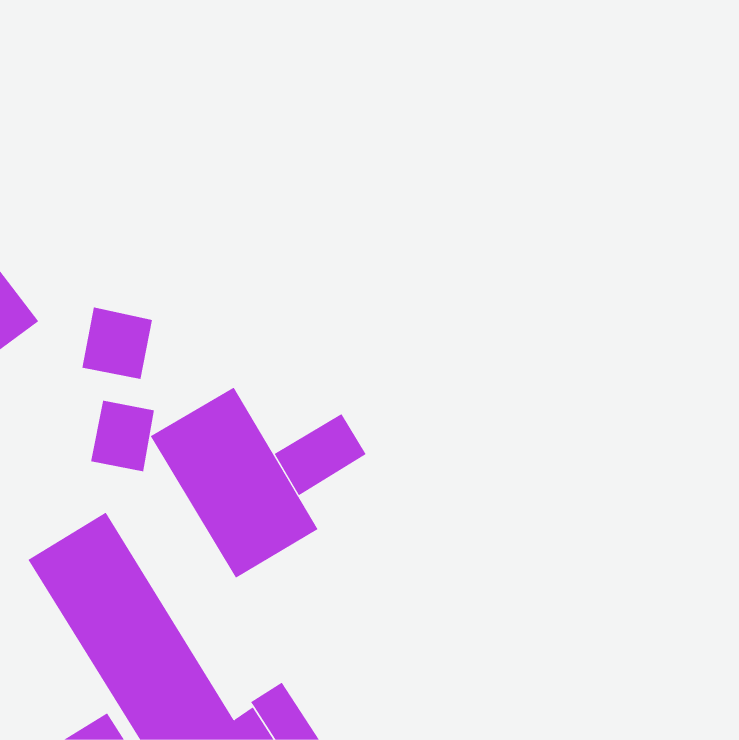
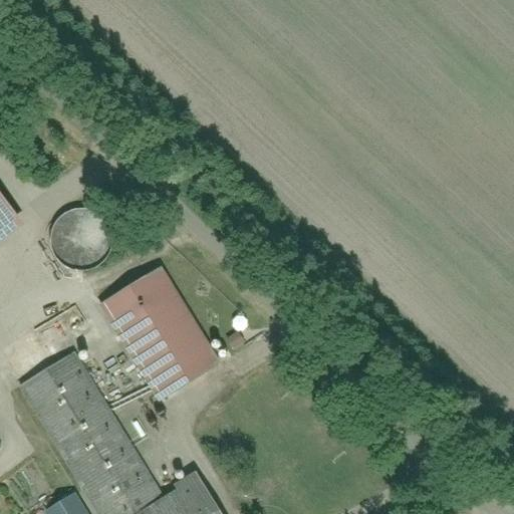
building: [91,400,154,472] -> none
building: [274,413,366,496] -> none

